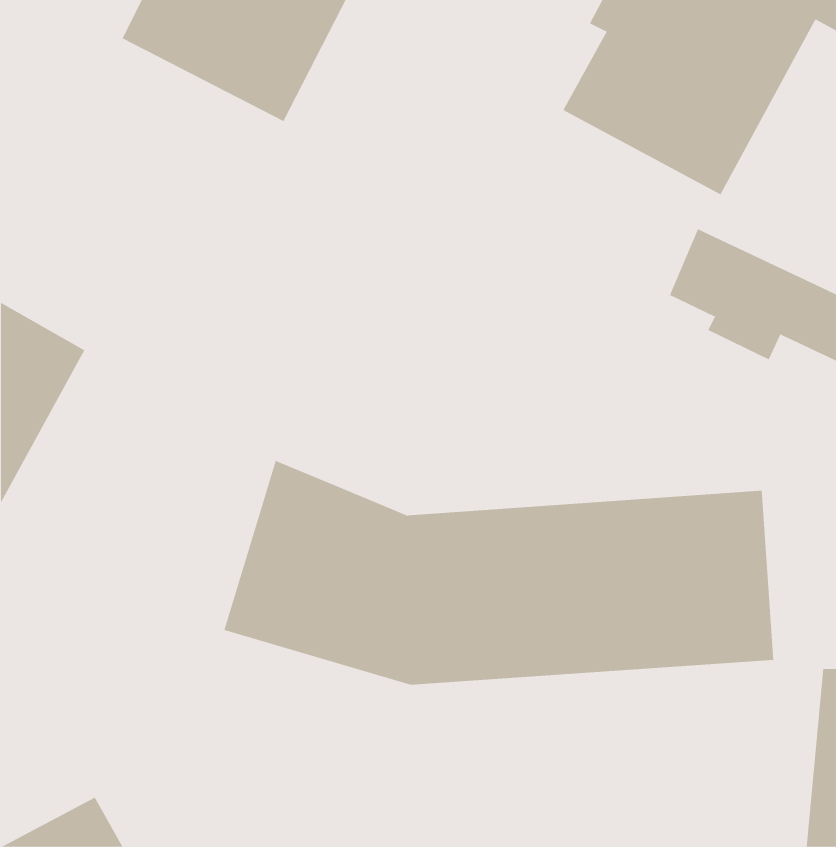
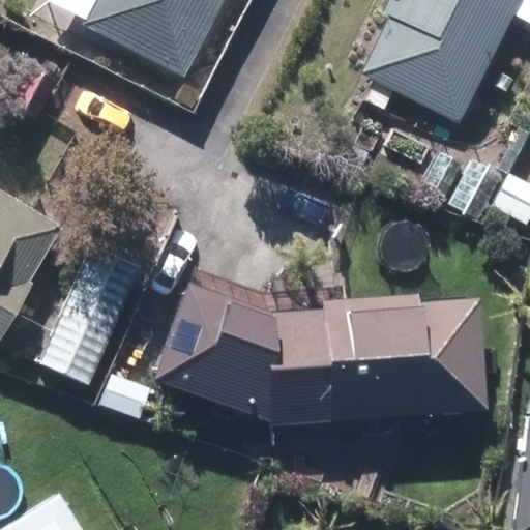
building: none -> [40,238,149,386]

